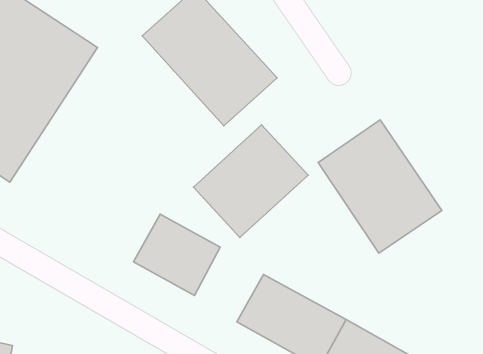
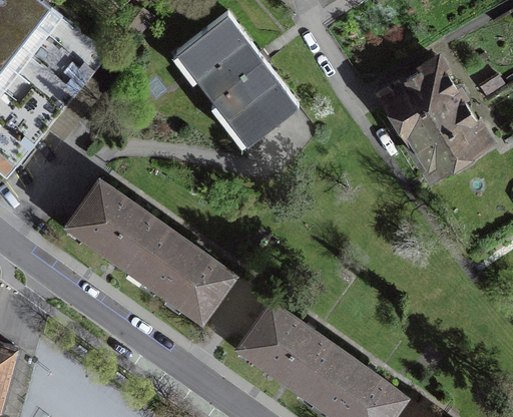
building: [318,120,442,253] -> [374,56,491,187]
building: [193,125,308,238] -> none
building: none -> [66,180,171,276]

